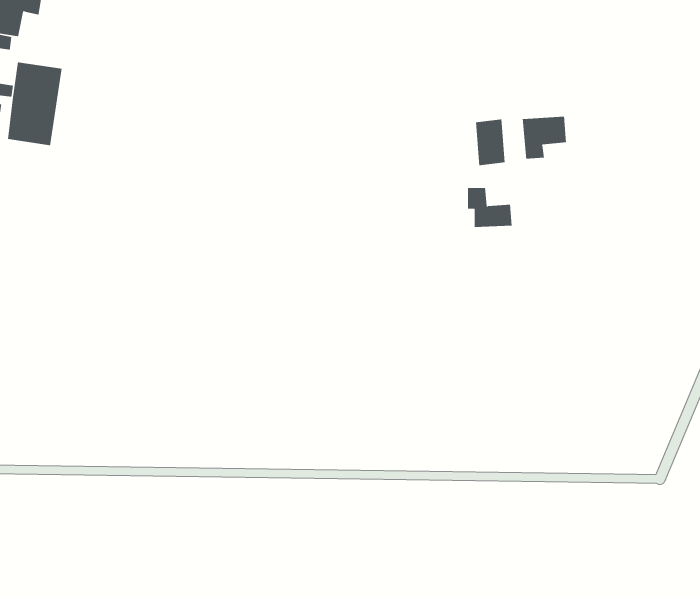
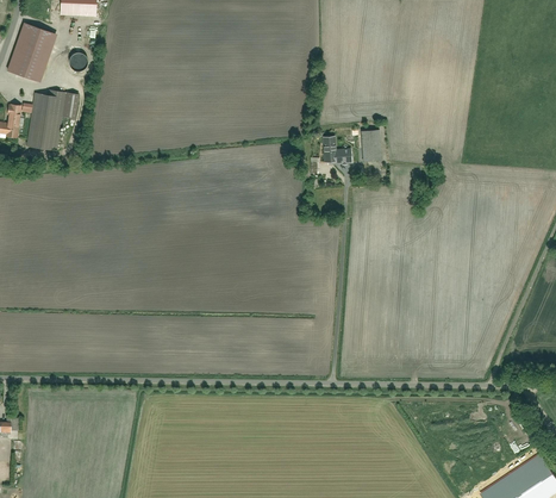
building: [522,116,566,160] -> none
building: [467,187,513,228] -> [321,138,354,167]

